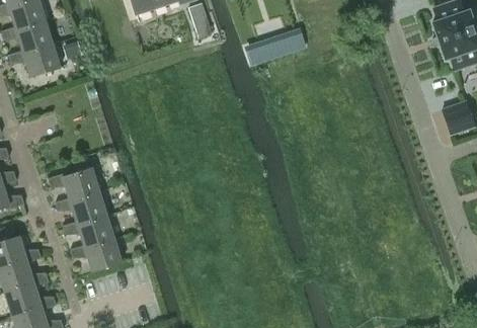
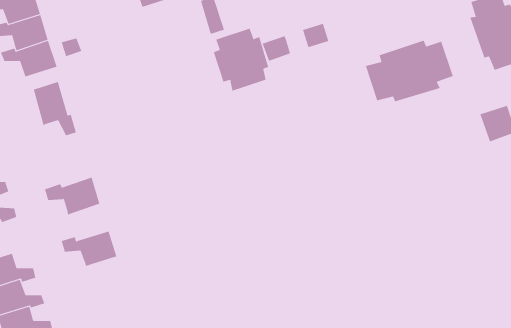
building: none -> [213,28,269,91]
building: none -> [365,40,453,102]
building: none -> [33,81,76,136]
building: [55,191,106,225] -> none
building: [70,239,122,272] -> none

